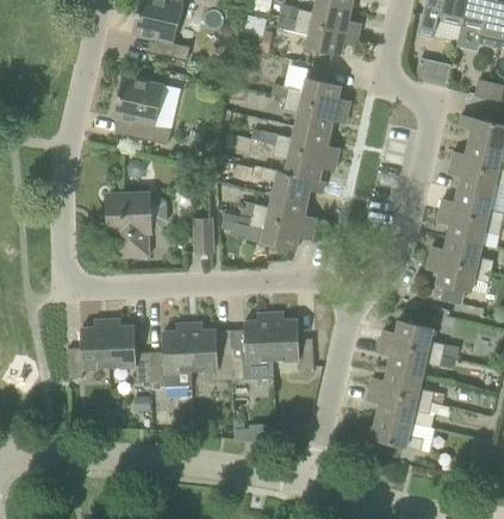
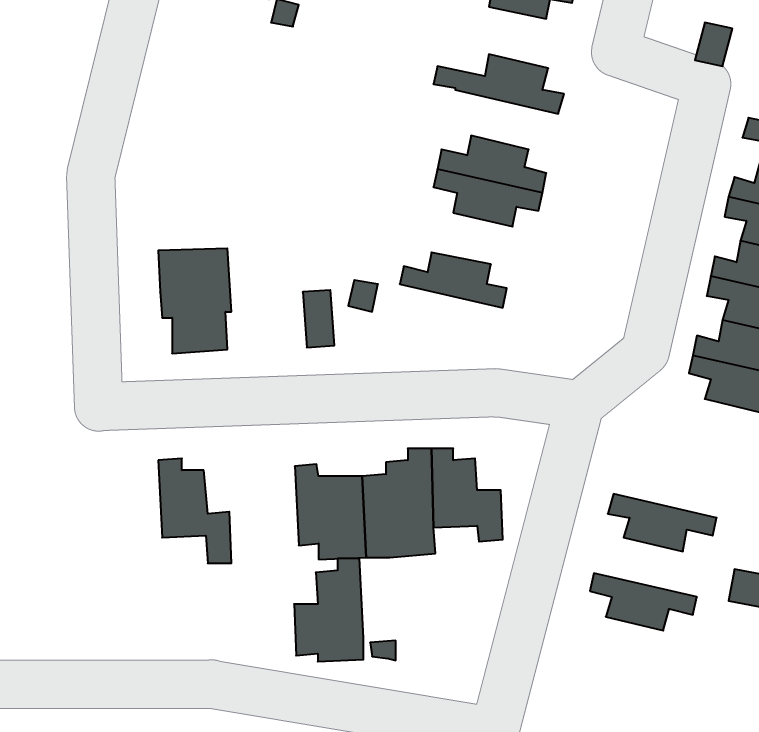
building: [113,76,172,145] -> none
building: [282,99,348,135] -> none
building: [260,168,325,204] -> none
building: [250,215,315,251] -> none
building: [381,320,446,356] -> none
building: [68,321,110,379] -> none
building: [150,325,192,387] -> [294,559,363,662]
building: [369,368,435,404] -> none
building: [359,415,423,451] -> none

